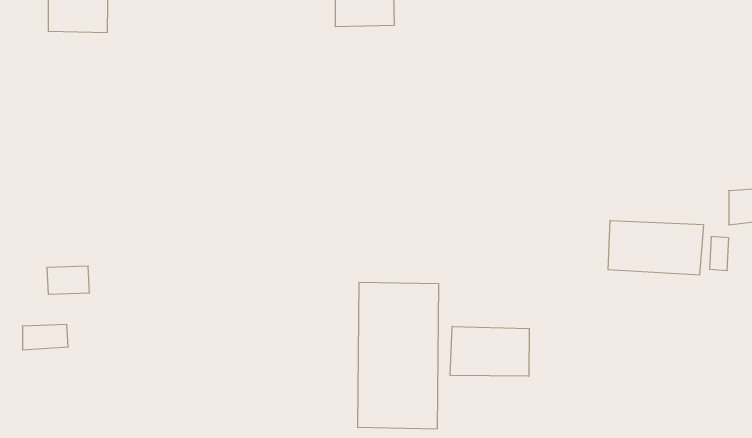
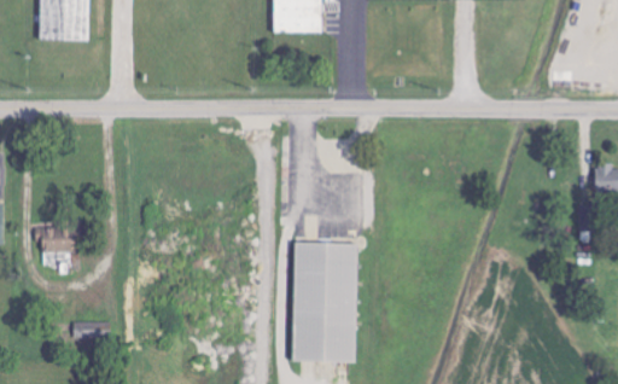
building: [608,220,703,275] -> none
building: [22,325,68,350] -> [74,320,111,341]
building: [450,326,529,376] -> none

